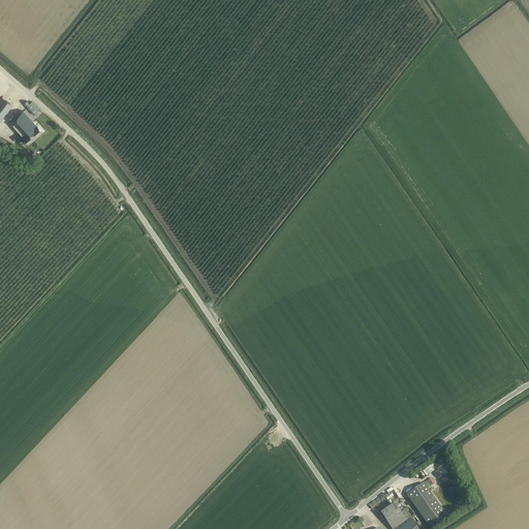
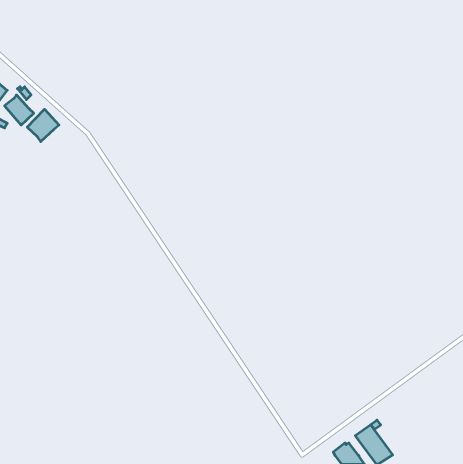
building: none -> [27,109,59,142]

